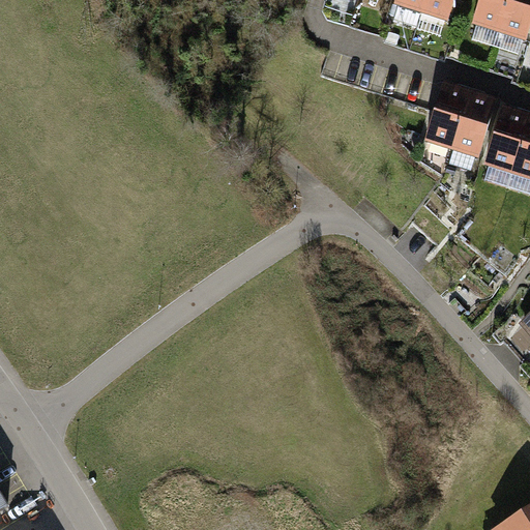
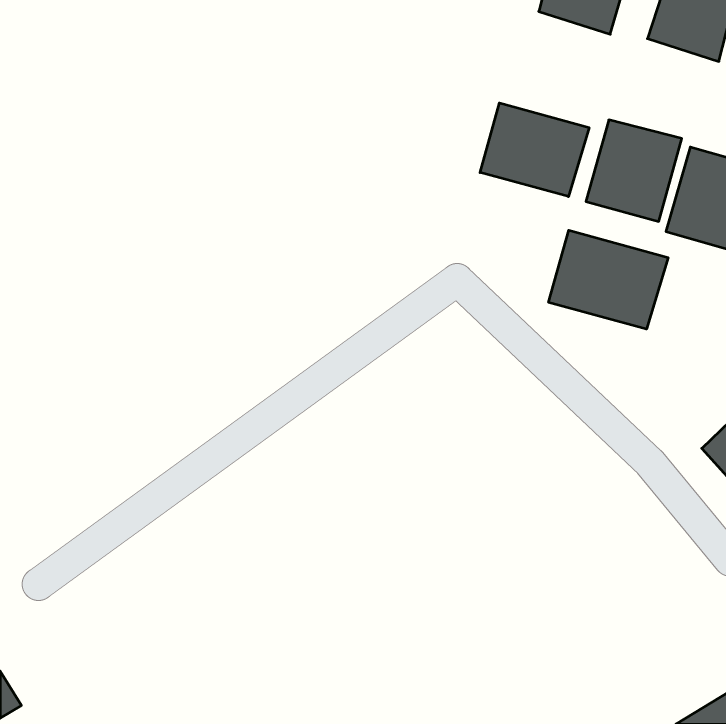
building: none -> [480,103,589,197]
building: none -> [549,230,668,329]

